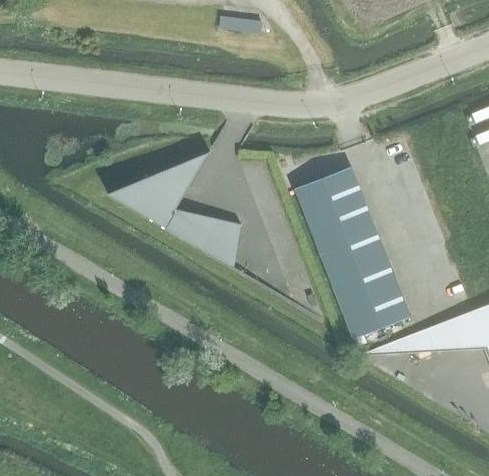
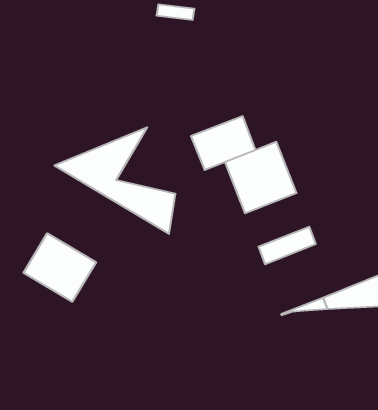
building: [316,223,387,282] -> [191,116,256,170]
building: none -> [23,233,96,302]
building: [338,279,409,338] -> none

